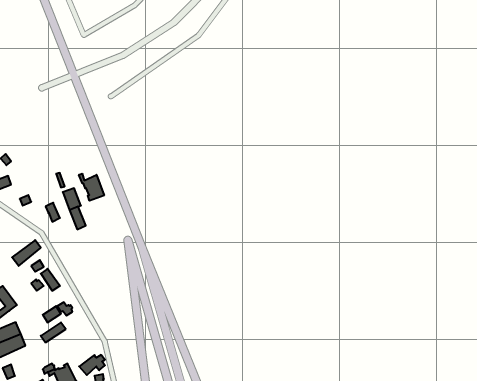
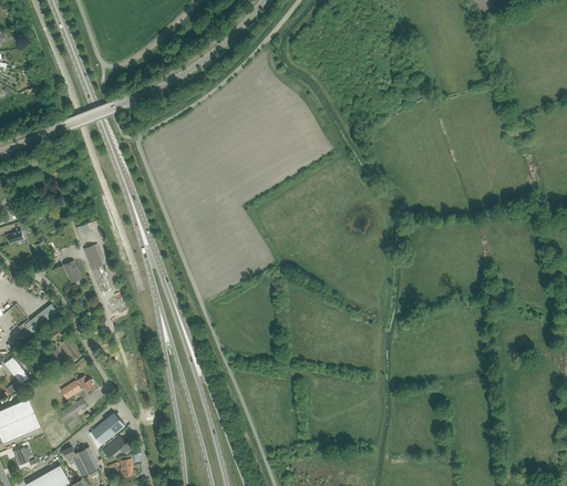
building: [79,174,104,201] -> none
building: none -> [89,413,124,449]

